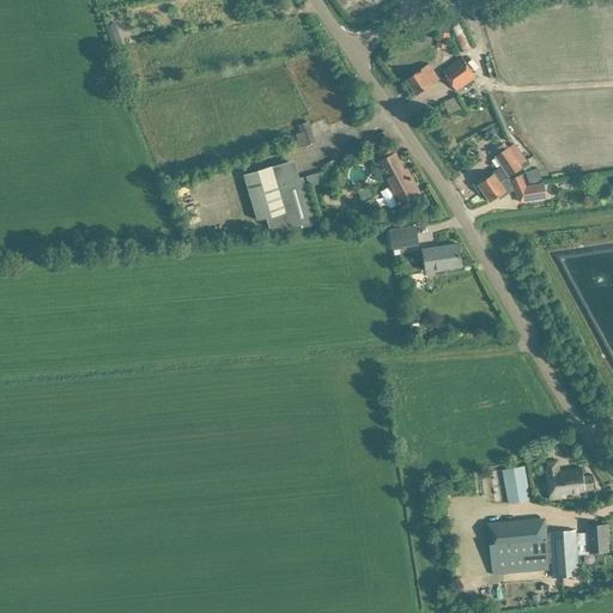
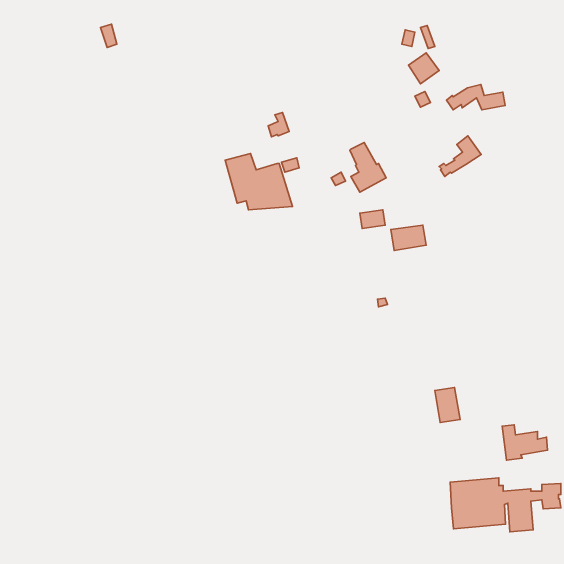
building: [406,63,439,95] -> none
building: [482,175,546,202] -> [447,85,505,110]
building: [503,466,530,504] -> [435,387,460,423]

